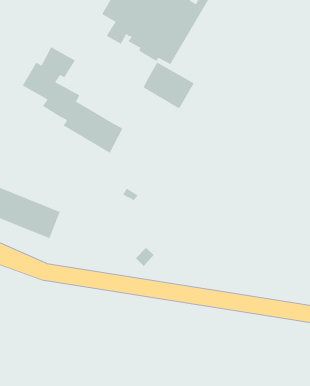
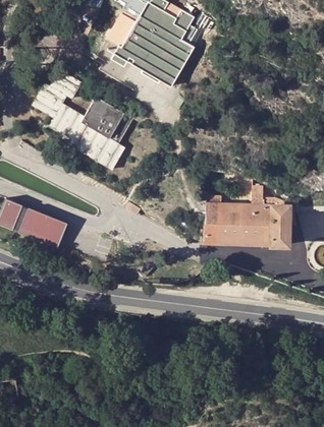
building: [143,62,195,109] -> [83,97,131,141]
building: none -> [204,185,292,250]

